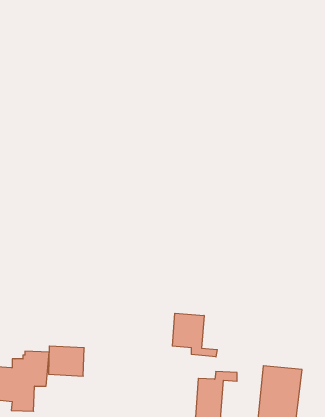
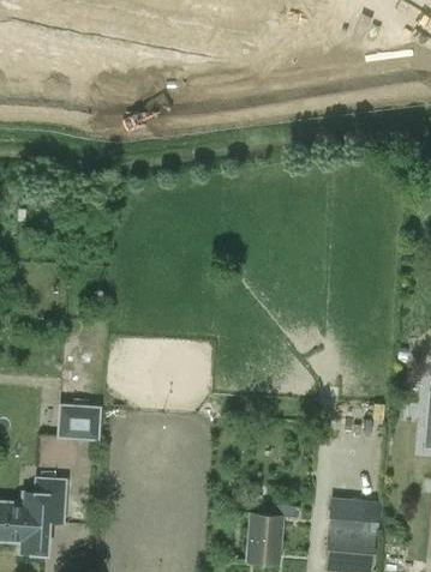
building: [172,313,217,357] -> none
building: [48,346,84,376] -> [56,403,101,440]

